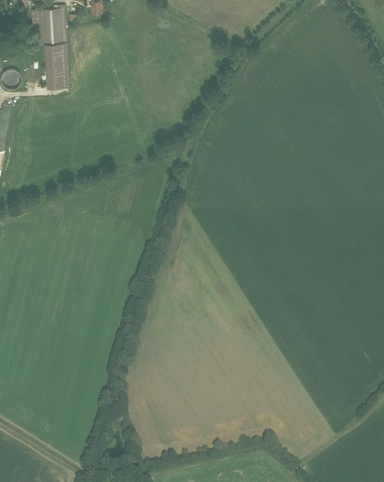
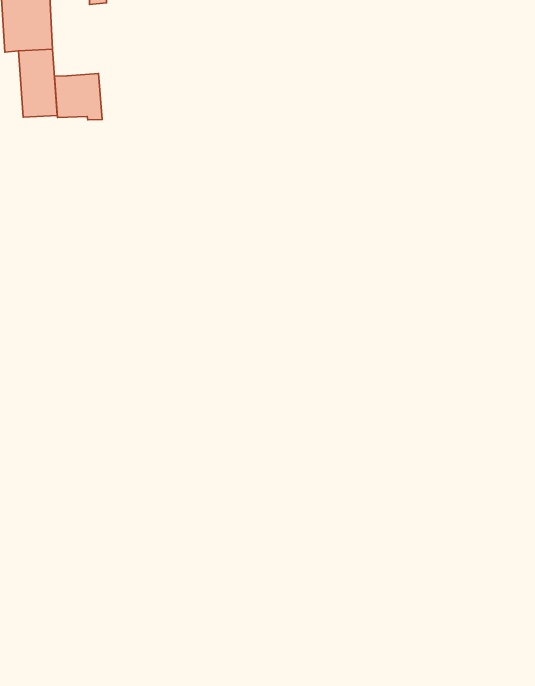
building: none -> [54,73,102,120]

